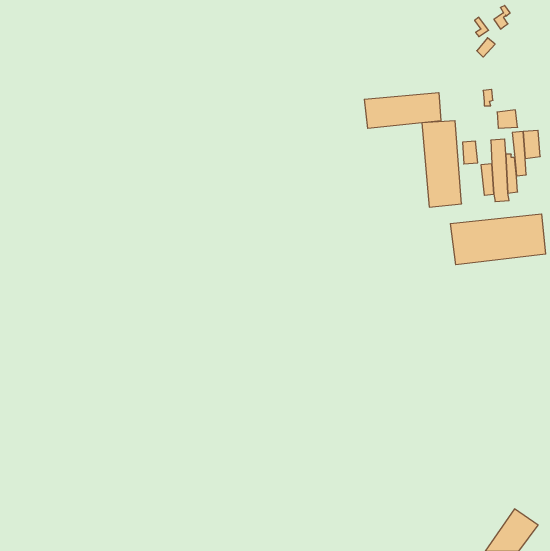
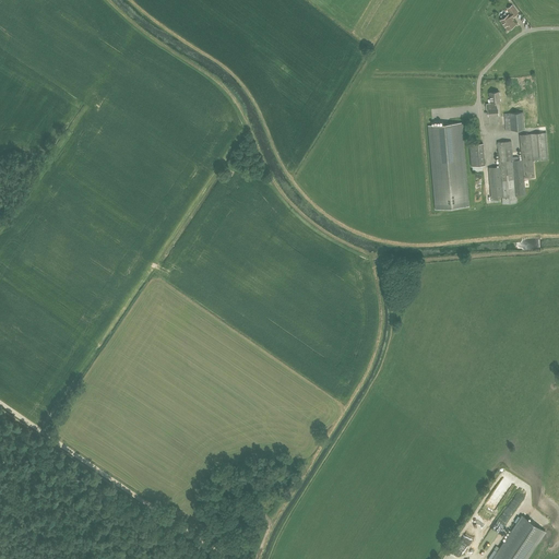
building: [364,93,441,128] -> none
building: [450,214,546,265] -> none

